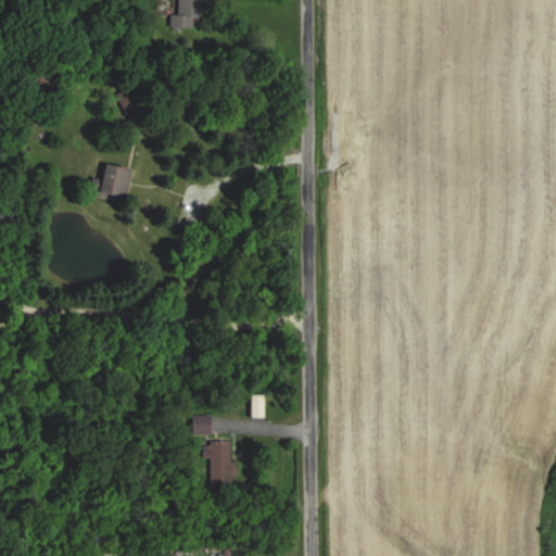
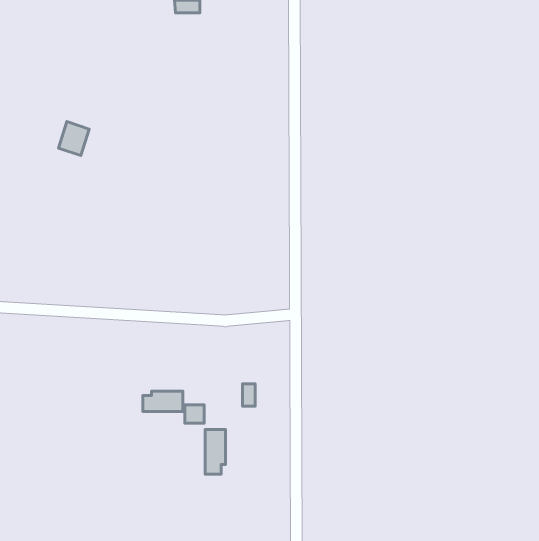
building: [102,163,134,198] -> [58,122,89,156]
building: none -> [143,391,183,412]

